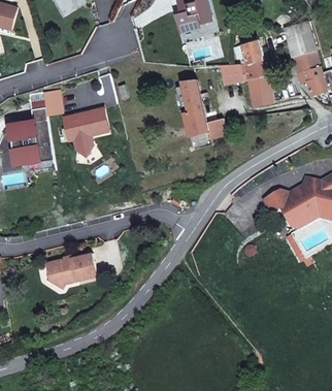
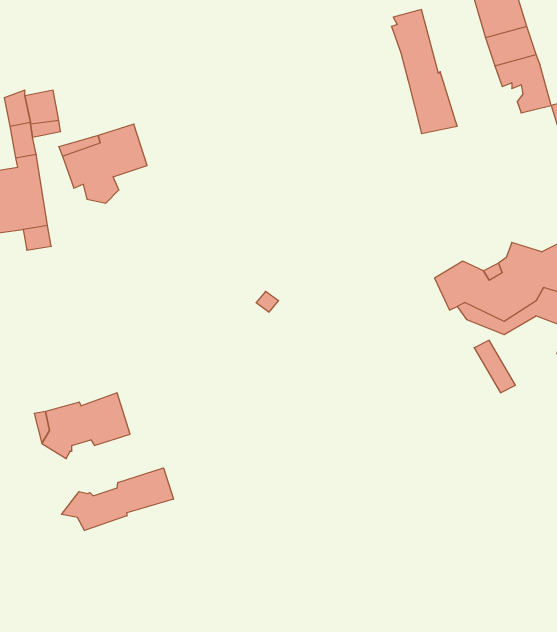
building: [213,64,250,82] -> none
building: [176,78,226,142] -> none
building: none -> [61,468,173,530]

